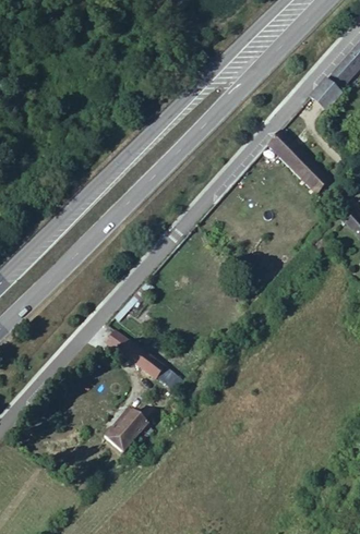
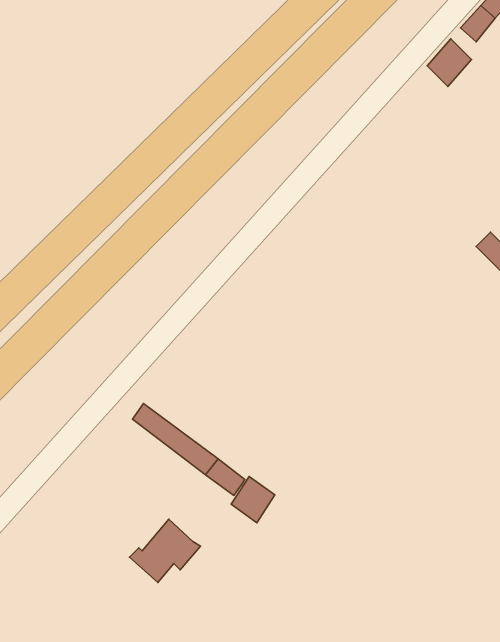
building: [266,129,328,193] -> none
building: none -> [231,476,275,523]

